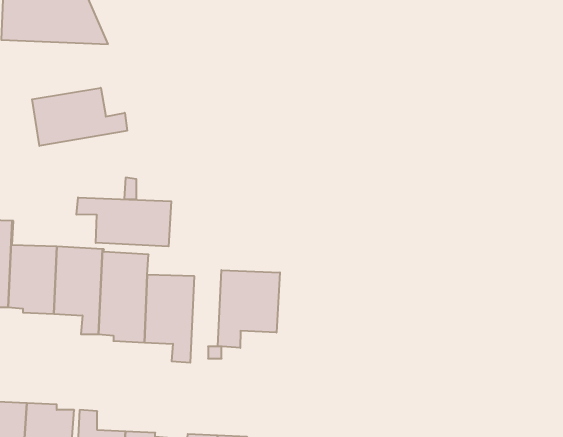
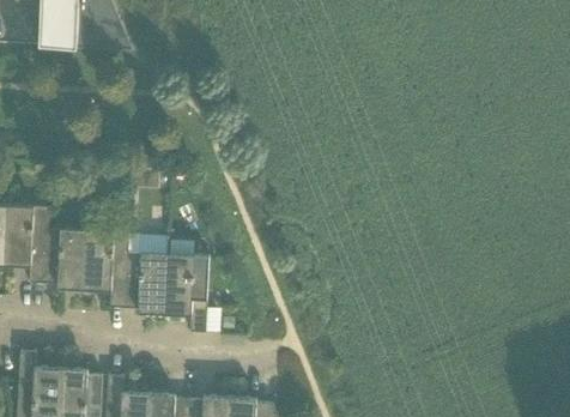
building: [32,88,127,146] -> none
building: [76,197,171,246] -> none
building: [218,270,280,348] -> none

